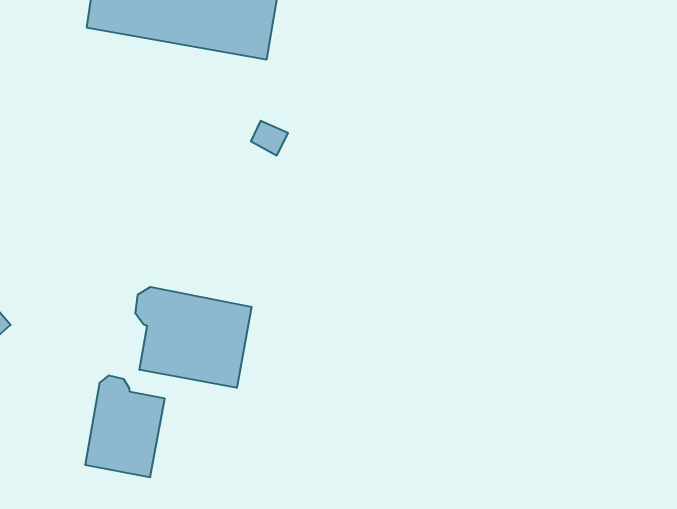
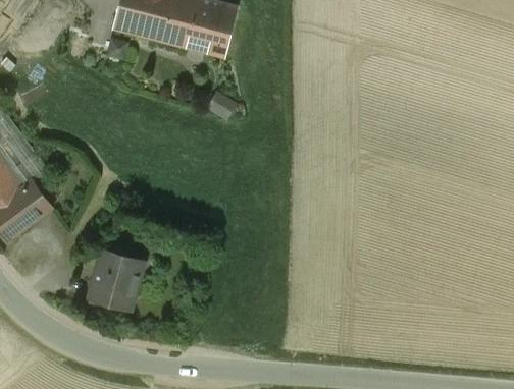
building: [135,287,251,388] -> none

